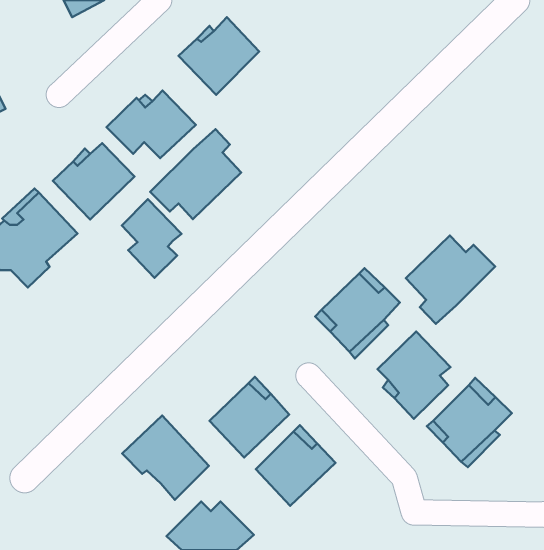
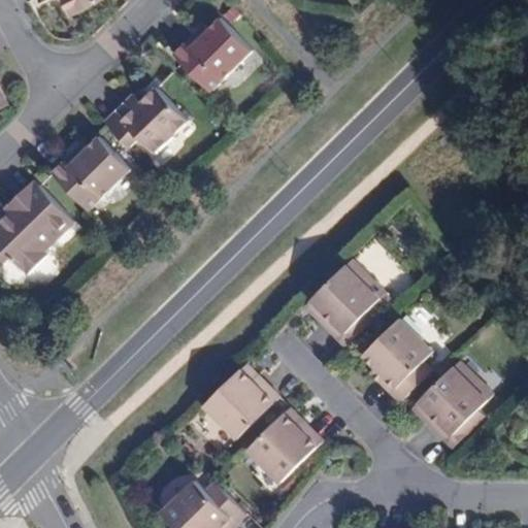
building: [150,129,241,219] -> none
building: [122,199,181,278] -> none
building: [406,235,495,324] -> none
building: [122,415,209,500] -> none

